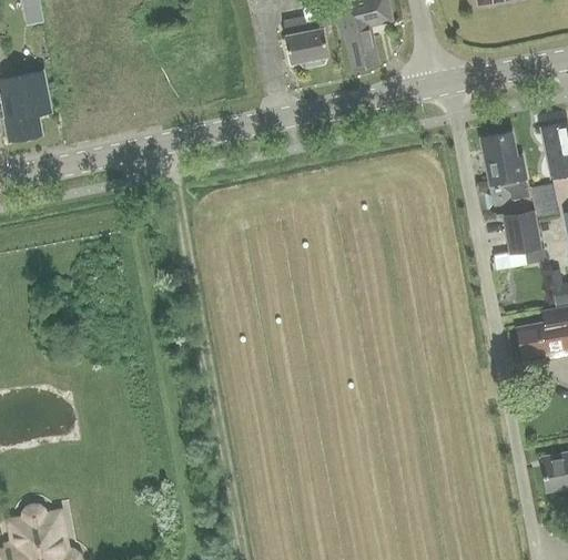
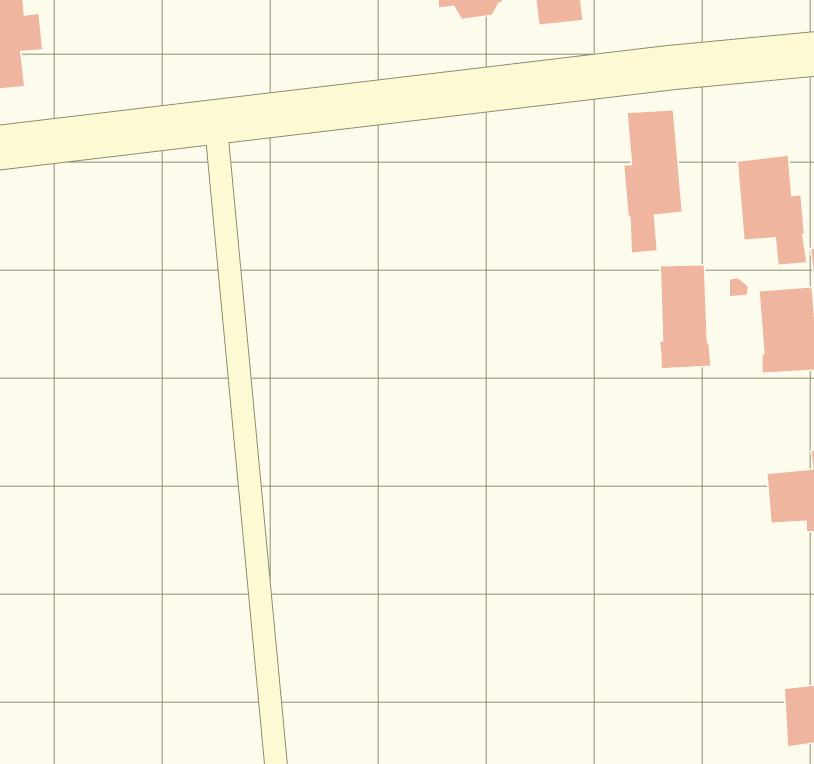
building: none -> [623,110,682,253]
building: none -> [660,265,711,369]

